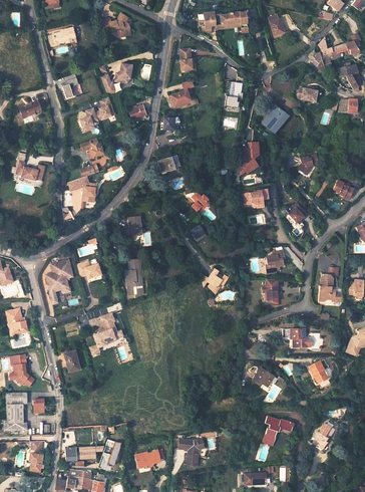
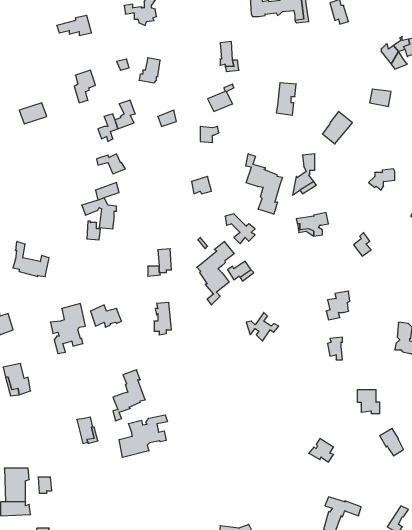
building: none -> [246,154,282,214]
building: [14,152,43,180] -> [13,242,49,277]
building: none -> [197,241,234,305]
building: none -> [119,415,167,457]
building: [9,354,32,384] -> none

